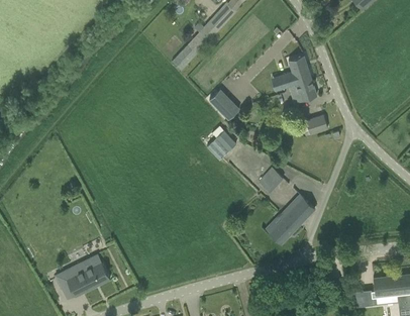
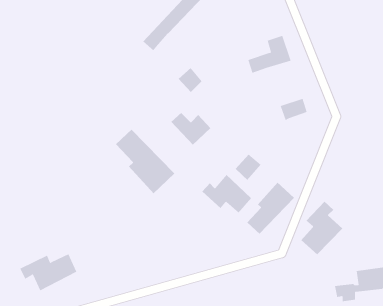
building: [289,80,317,103] -> none
building: none -> [115,129,175,194]
building: none -> [202,174,252,213]
building: none -> [301,201,343,255]

